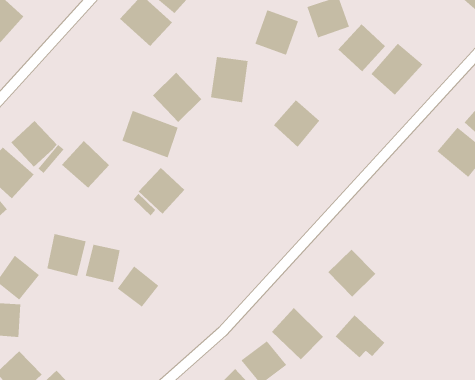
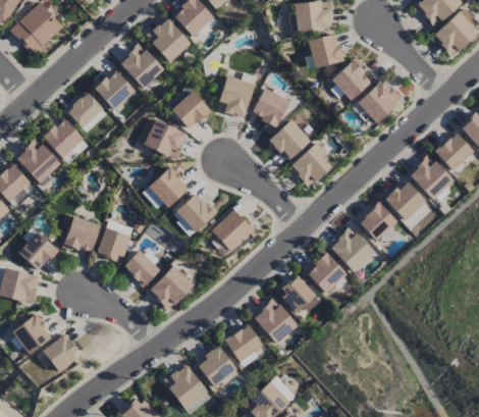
building: [255,10,299,55] -> [251,88,290,128]
building: none -> [119,43,165,88]
building: none -> [94,68,136,111]
building: none -> [290,143,336,188]
building: [61,140,110,188] -> [66,91,108,133]
building: none -> [385,179,426,220]
building: none -> [359,202,397,242]
building: none -> [176,193,216,232]
building: none -> [207,208,256,256]
building: none -> [329,227,375,273]
building: none -> [149,265,195,311]
building: [335,315,385,358] -> [278,274,321,312]

